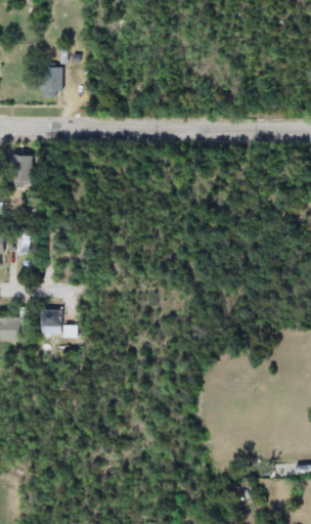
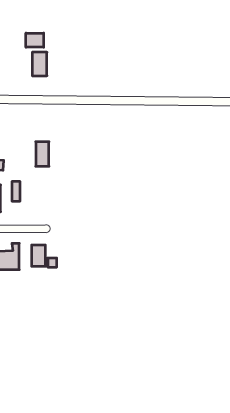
building: none -> [26,33,44,47]
building: [11,155,28,185] -> [36,142,49,166]

